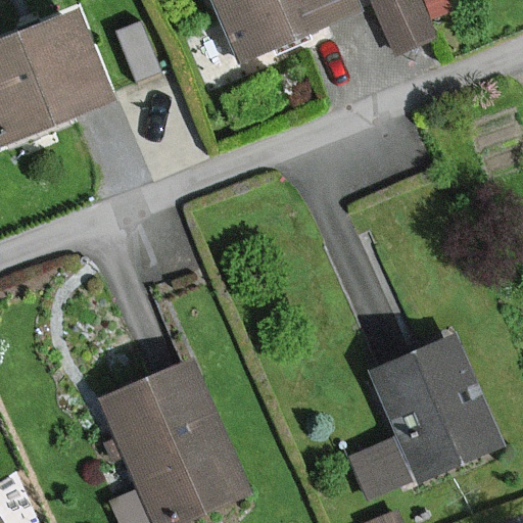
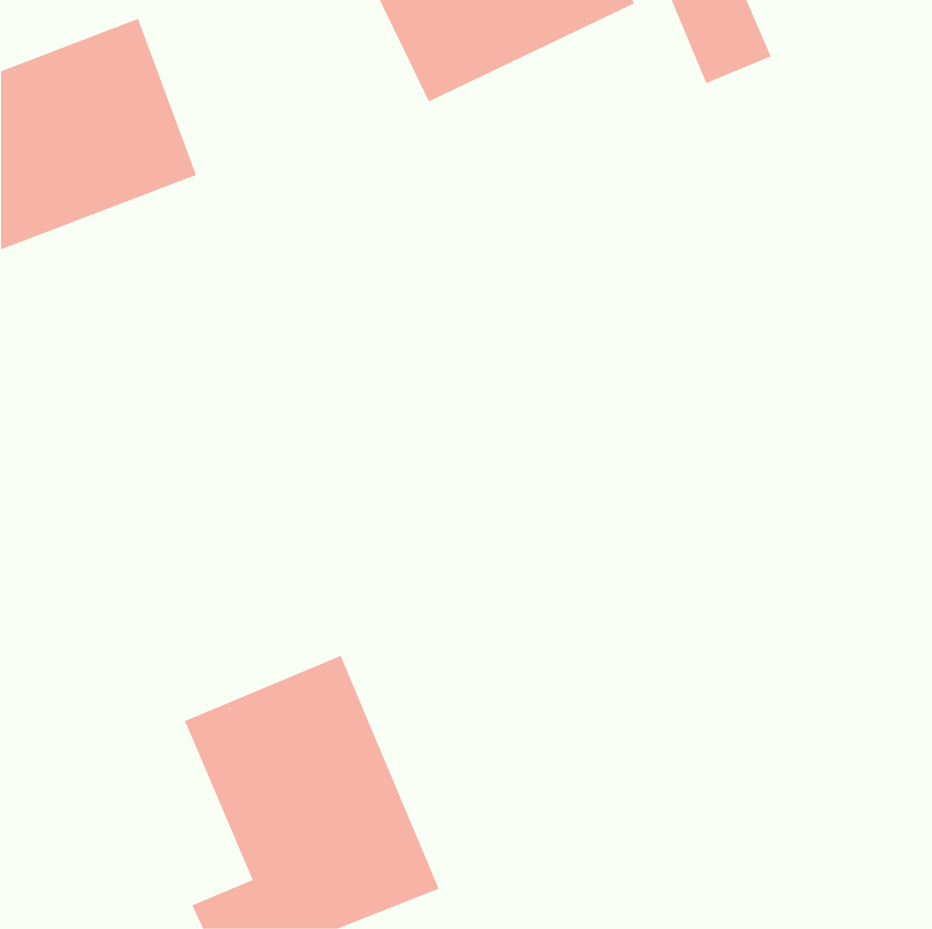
building: [361,338,500,498] -> none

